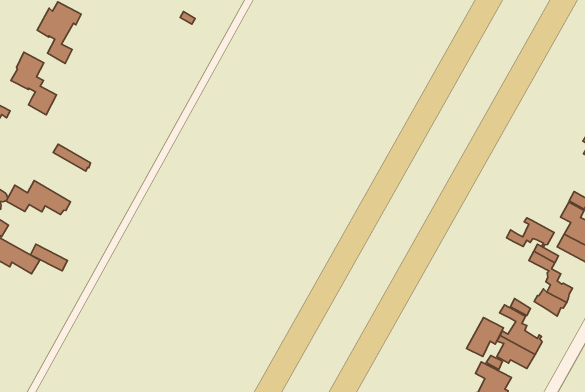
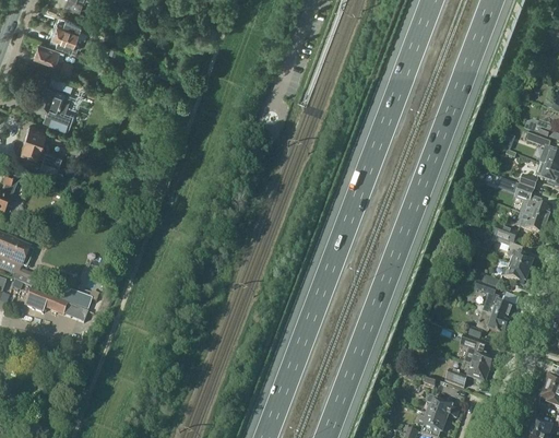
building: [6,180,70,215] -> none
building: [506,218,554,247] -> none
building: [467,317,503,357] -> none

